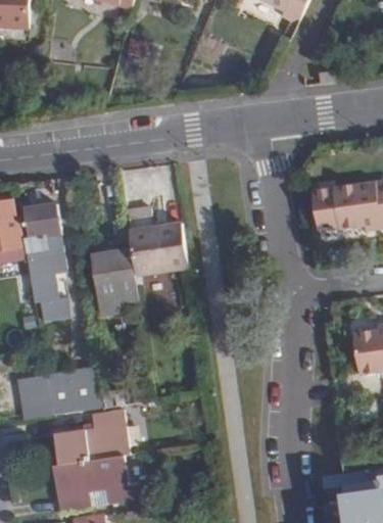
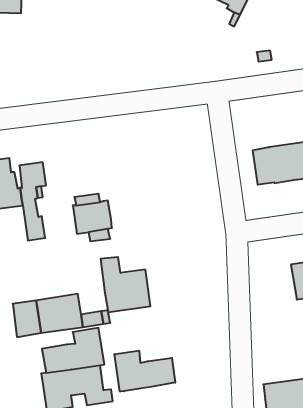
building: [128,209,189,277] -> [101,257,150,312]
building: none -> [114,351,175,392]

